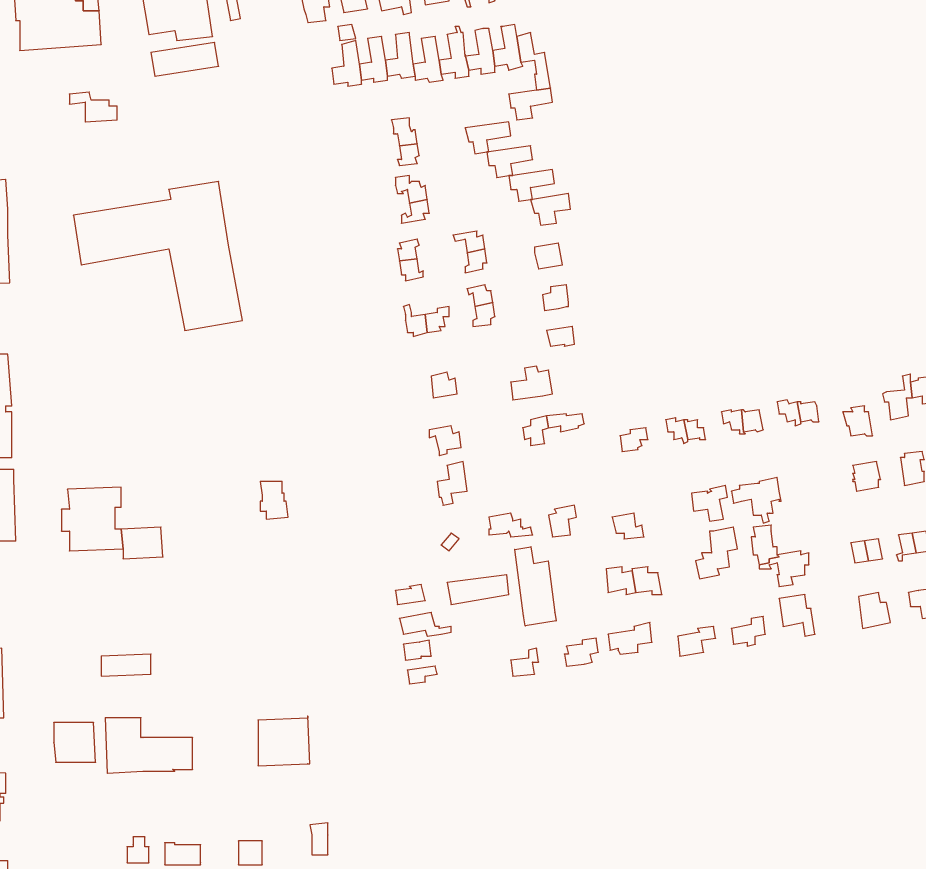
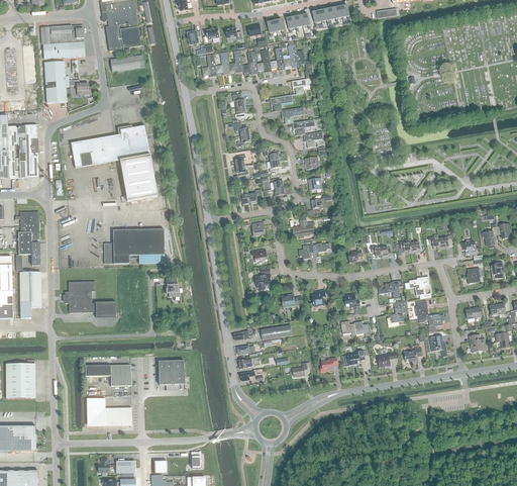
building: none -> [43,61,66,102]
building: none -> [103,228,164,263]
building: [515,547,556,626] -> none
building: [258,716,310,766] -> [158,359,184,384]
building: [54,723,96,762] -> [109,365,130,385]

